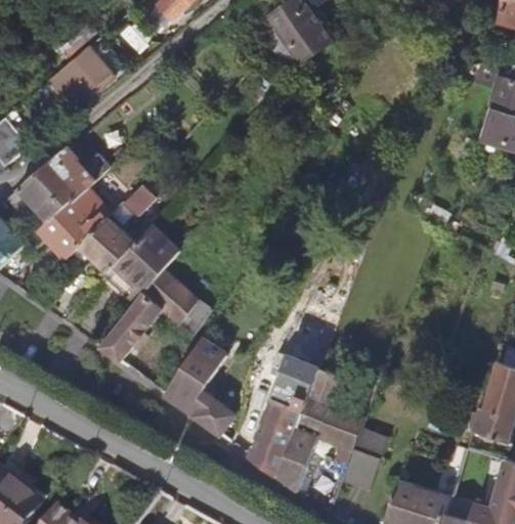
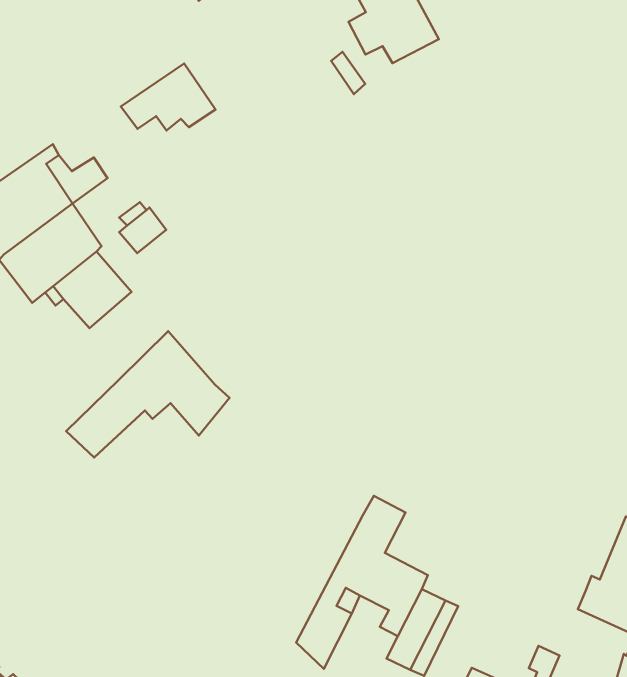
building: [47,47,114,96] -> [121,64,216,130]
building: [102,224,177,305] -> none
building: [165,339,234,433] -> none
building: [249,368,313,475] -> none

